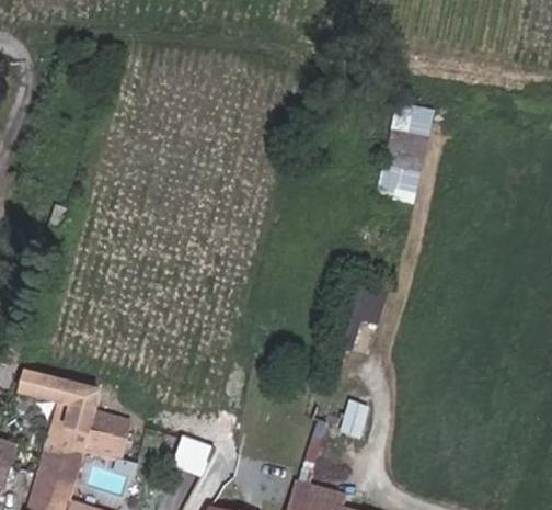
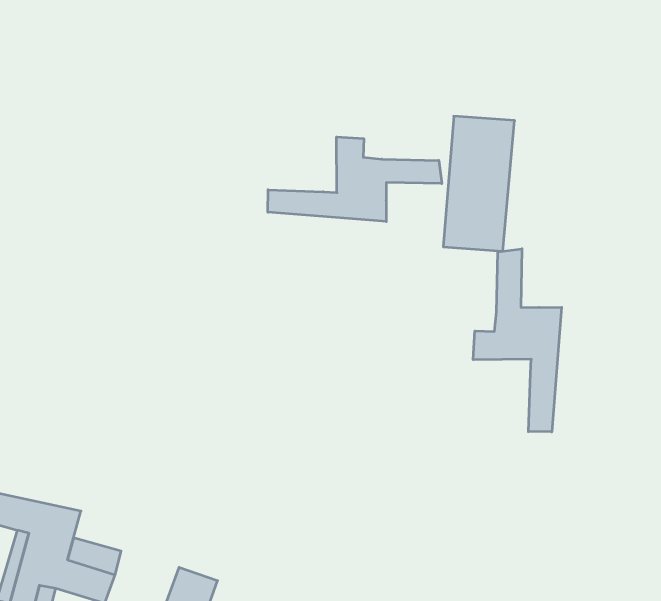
building: none -> [268,137,442,222]
building: none -> [473,249,562,432]

